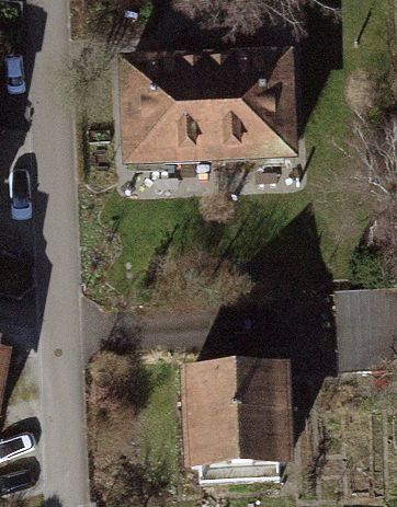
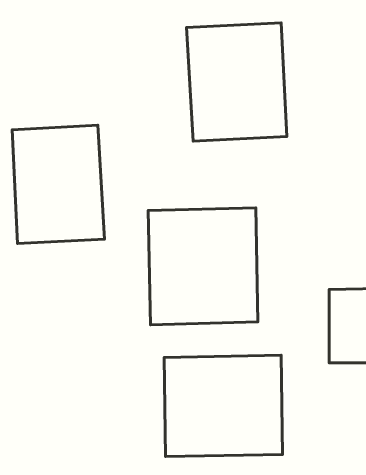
building: [117,43,208,159] -> [12,125,105,244]
building: none -> [148,208,258,325]

